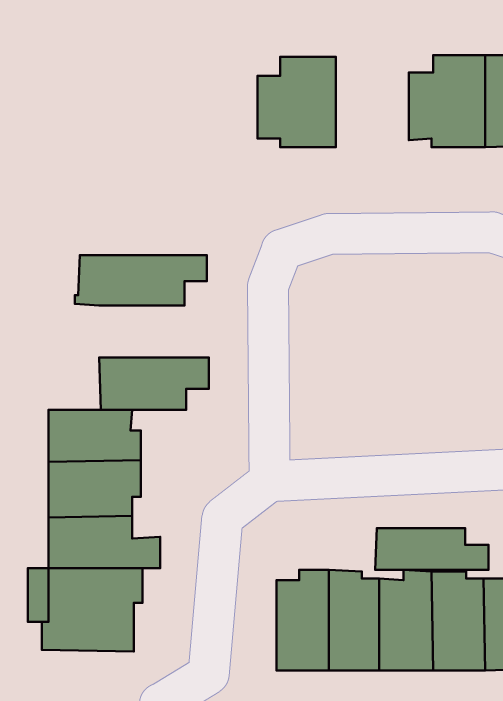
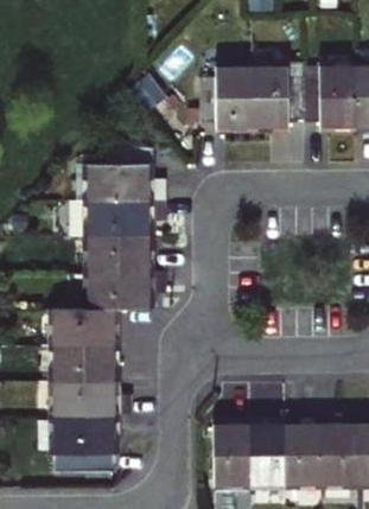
building: none -> [252,68,301,129]
building: none -> [77,149,164,203]
building: none -> [90,237,153,273]
building: [375,528,488,570] -> none

